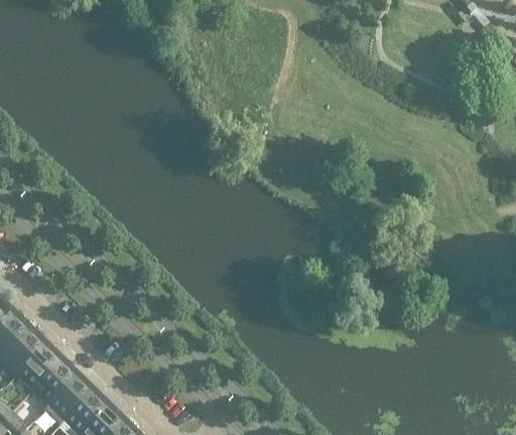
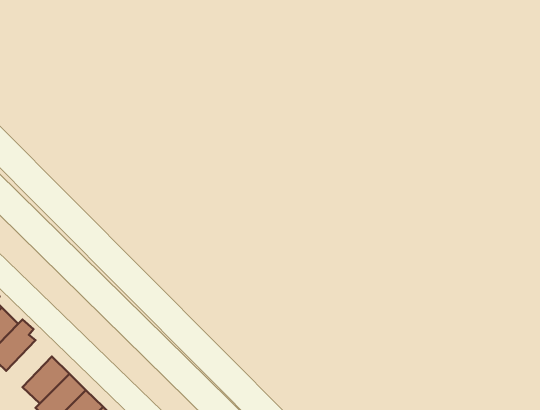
building: [11,333,53,381] -> none

